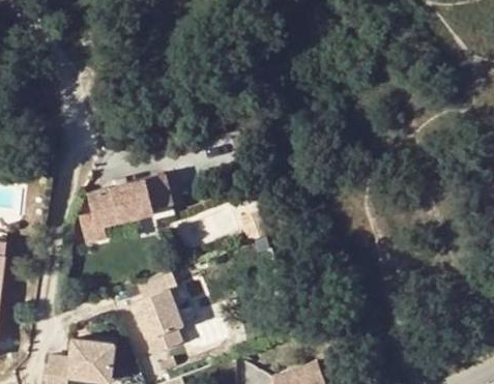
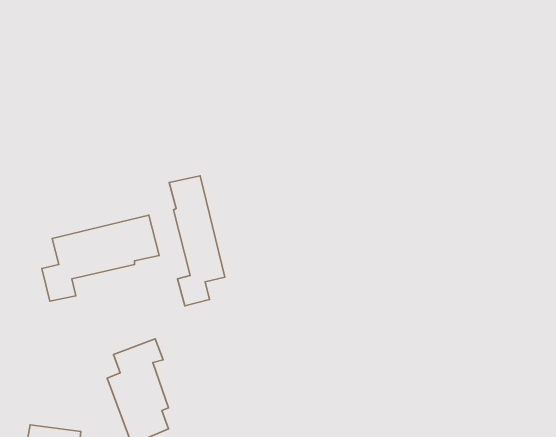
building: none -> [169,176,225,306]

